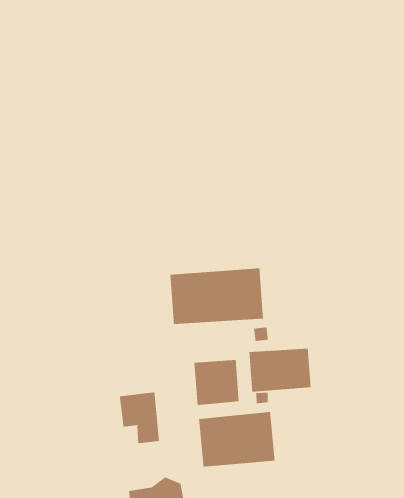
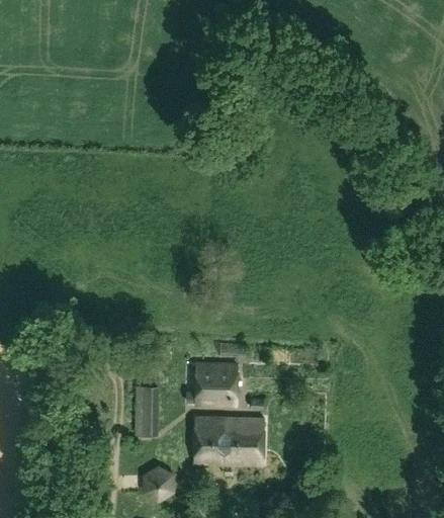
building: [170,267,264,325] -> none
building: [249,348,311,393] -> none

